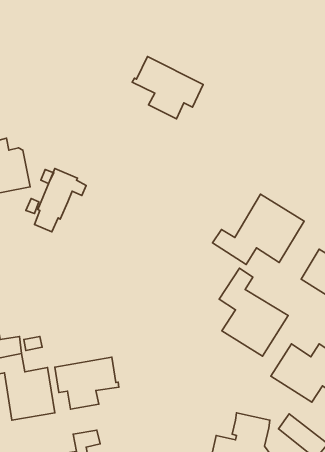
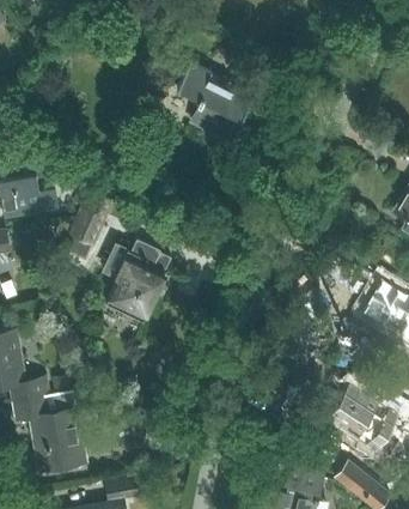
building: [213,194,304,264] -> none
building: none -> [106,240,170,322]
building: [219,268,288,356] -> none
building: [55,357,119,409] -> none

